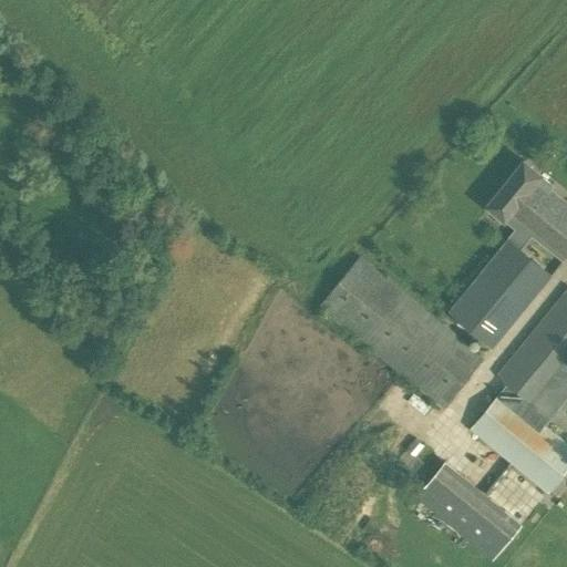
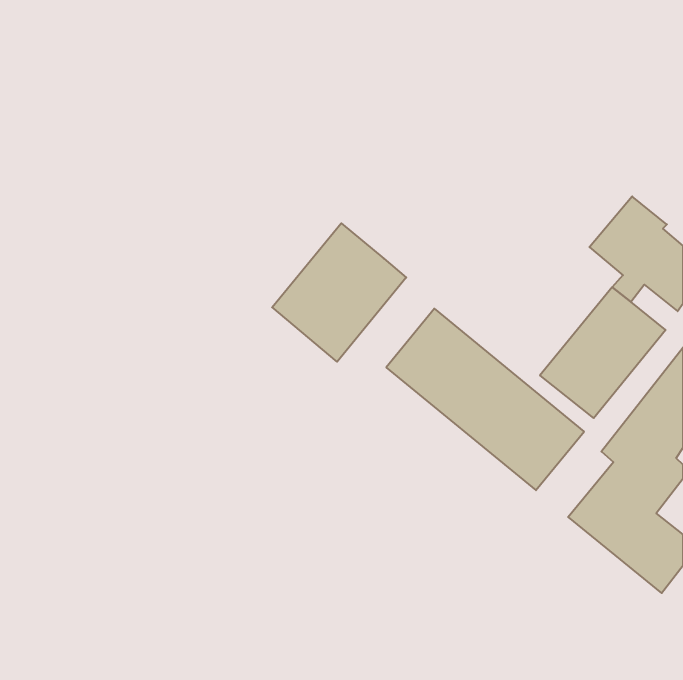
building: none -> [272,223,406,362]
building: [419,461,526,561] -> none

